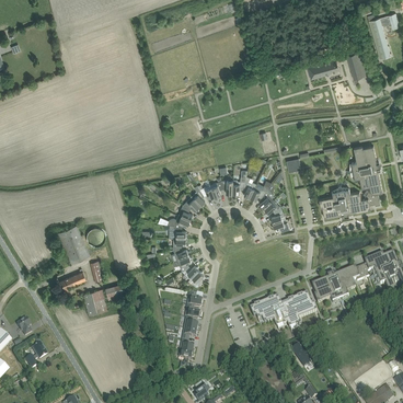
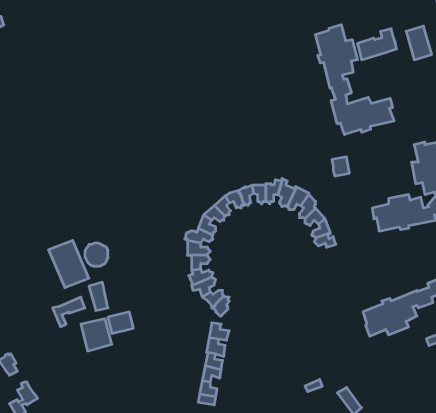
building: none -> [315,25,394,135]
building: [249,291,316,326] -> none

